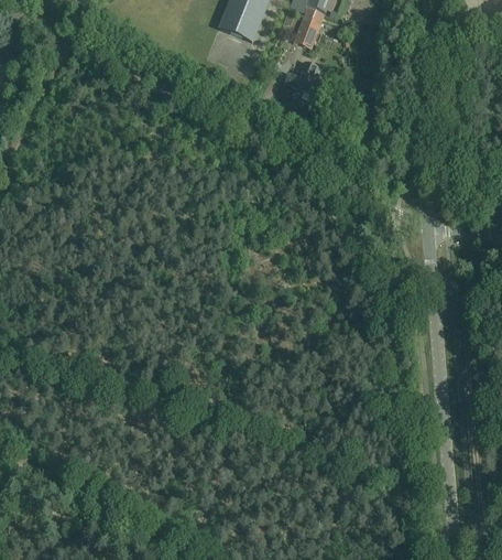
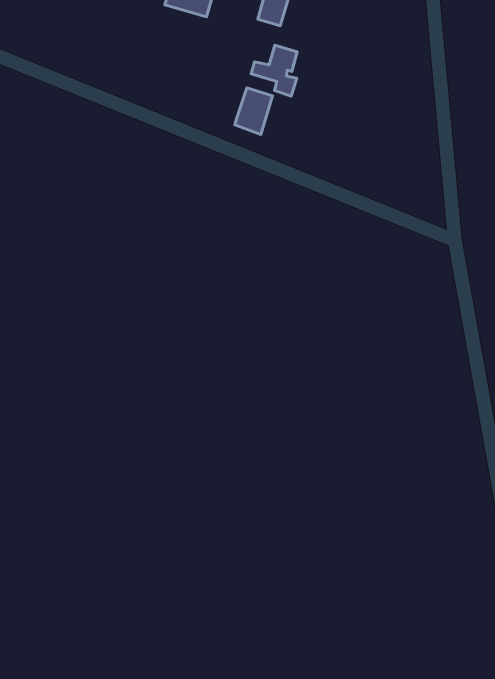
building: none -> [235,88,272,134]

